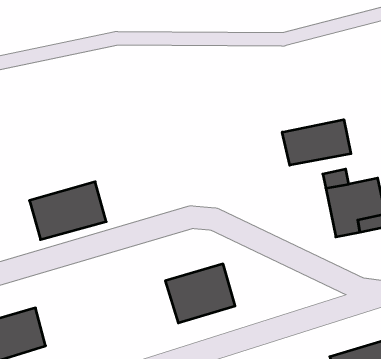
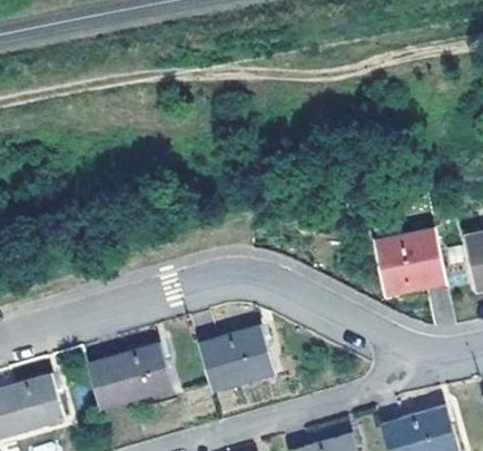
building: [282,120,351,165] -> none
building: [29,182,106,240] -> [86,342,171,406]

